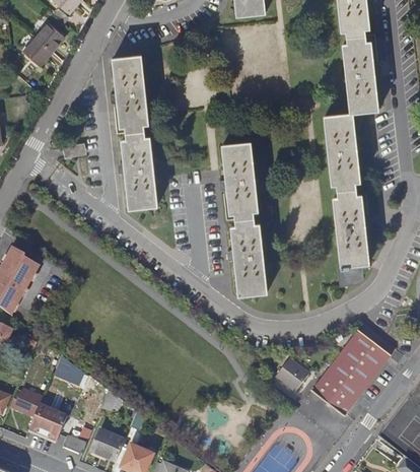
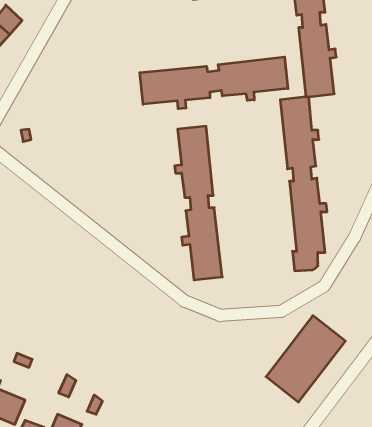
building: [109,54,156,208] -> none
building: none -> [140,57,288,109]
building: [277,358,310,391] -> none

